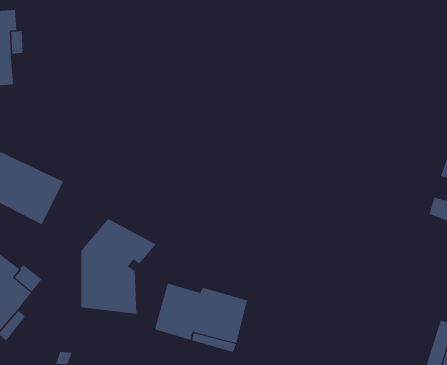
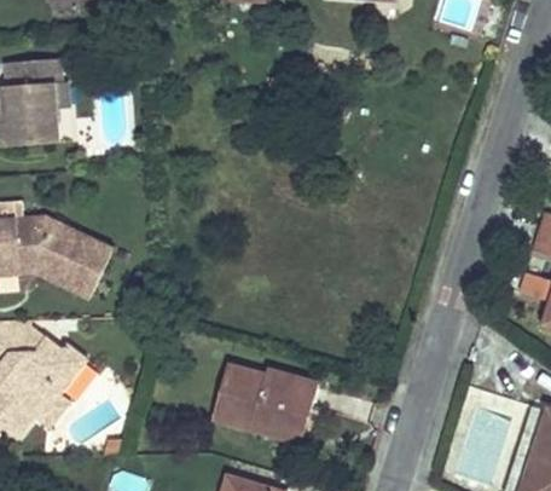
building: [81,218,157,315] -> none

